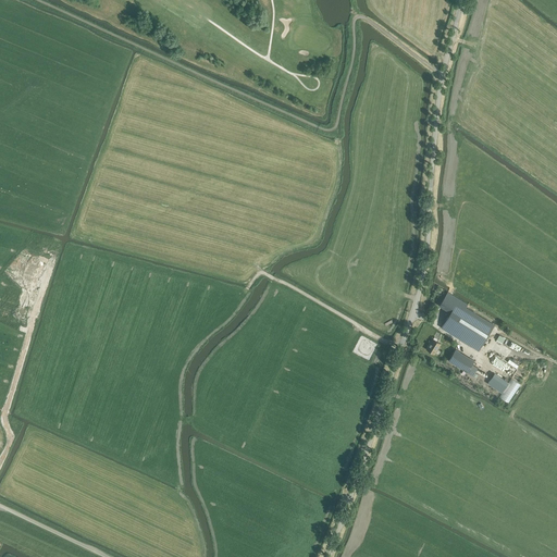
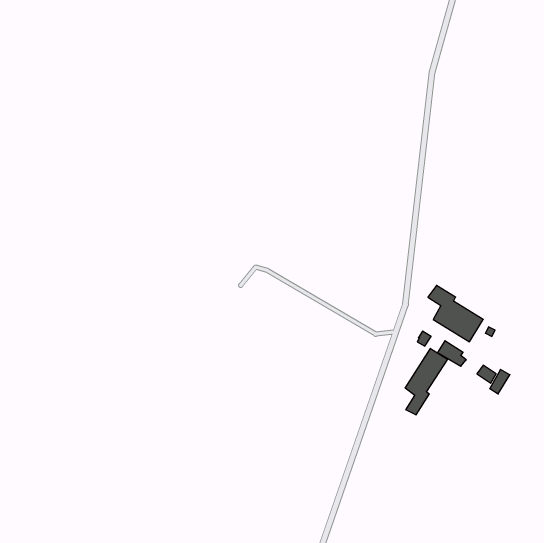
building: none -> [405,348,447,415]

